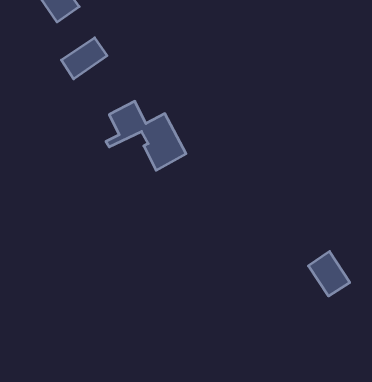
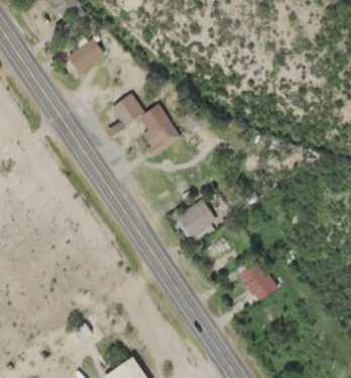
building: none -> [175,199,216,240]
building: [308,251,350,296] -> [239,260,276,300]

